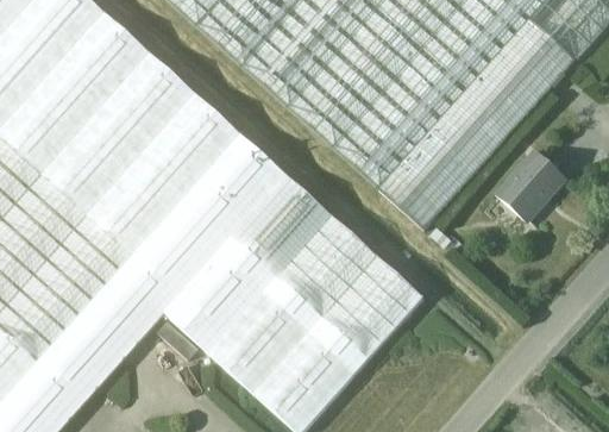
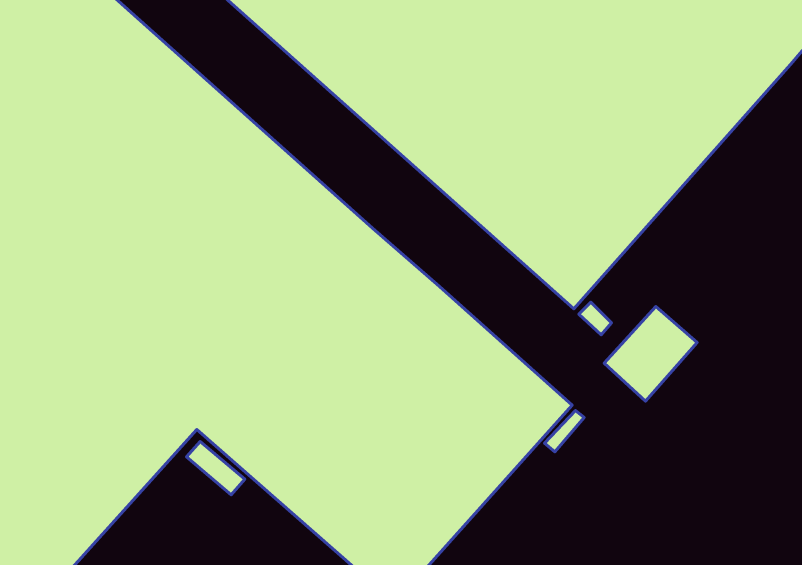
building: [498,154,563,219] -> [604,306,697,401]

